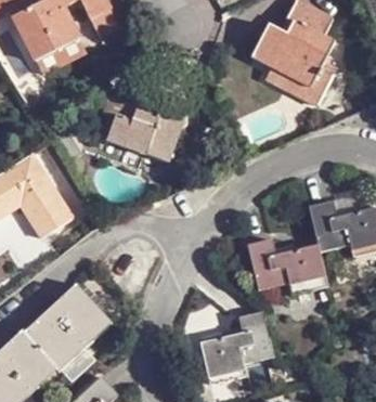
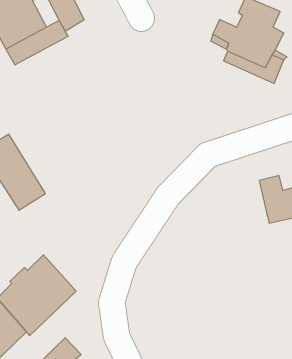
building: [105,93,192,161] -> none
building: [247,239,327,295] -> none
building: [198,312,273,382] -> none

